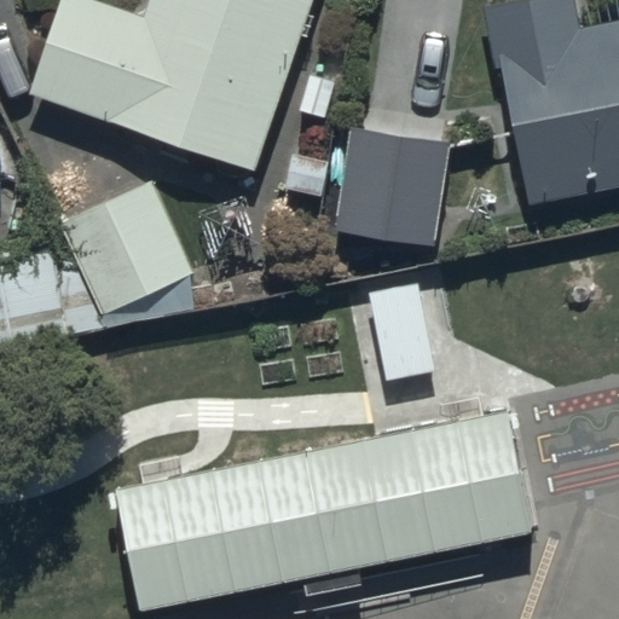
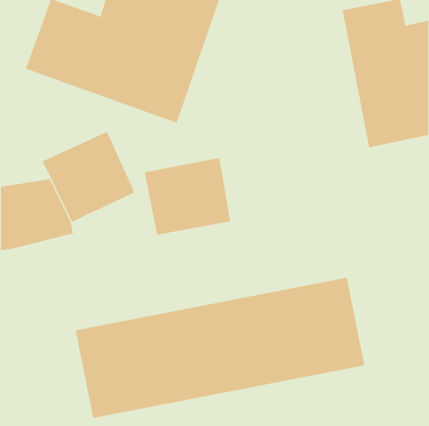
building: [332,126,457,260] -> none
building: none -> [144,157,231,236]

